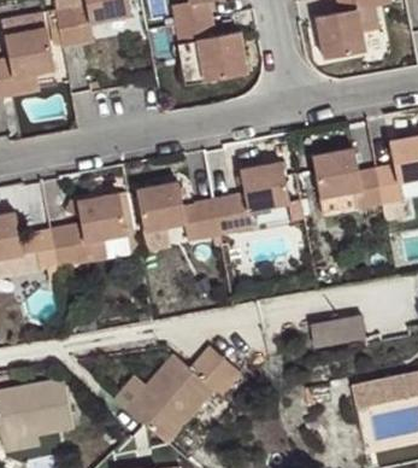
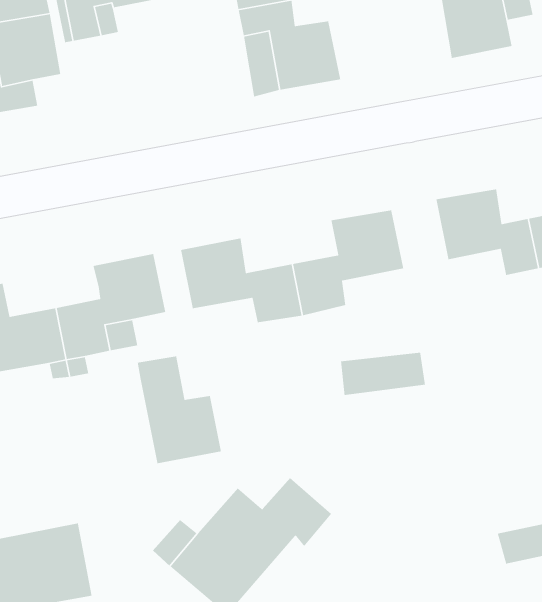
building: none -> [137,355,222,464]
building: [304,315,363,345] -> [340,352,426,396]

